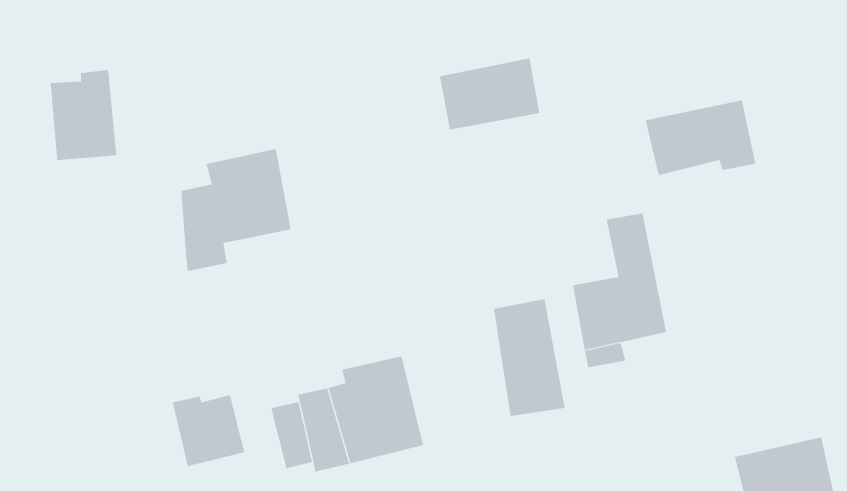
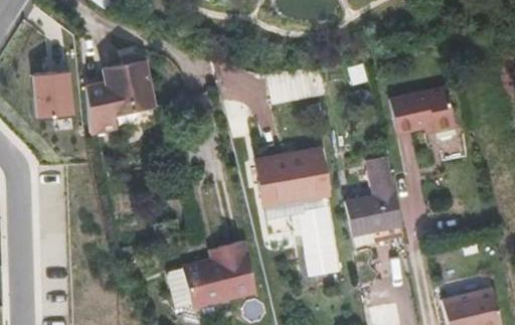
building: [180,149,292,272] -> [87,58,153,132]
building: none -> [255,149,327,205]
building: [172,394,245,467] -> none

